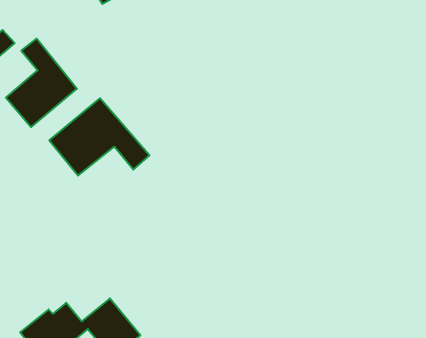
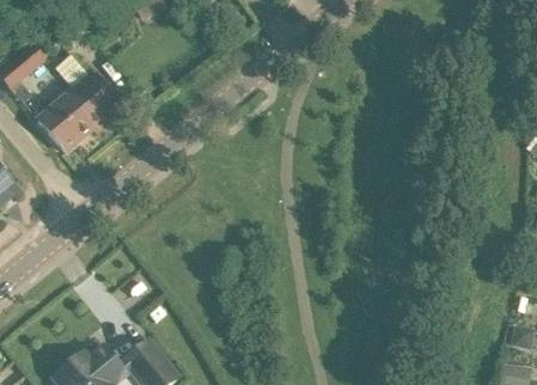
building: [49,98,149,176] -> none

